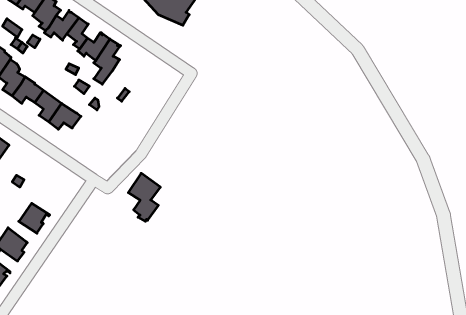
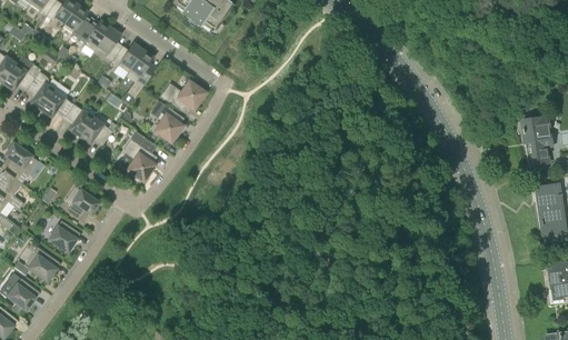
building: none -> [161,82,203,109]
building: none -> [155,106,181,141]
building: [128,173,160,221] -> [122,131,156,181]
building: none -> [67,190,99,219]

